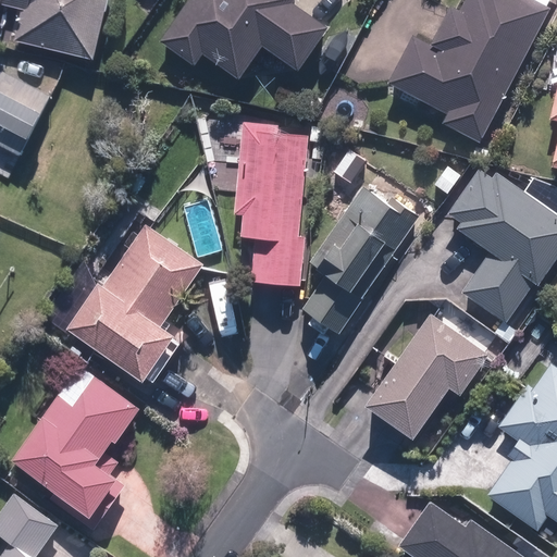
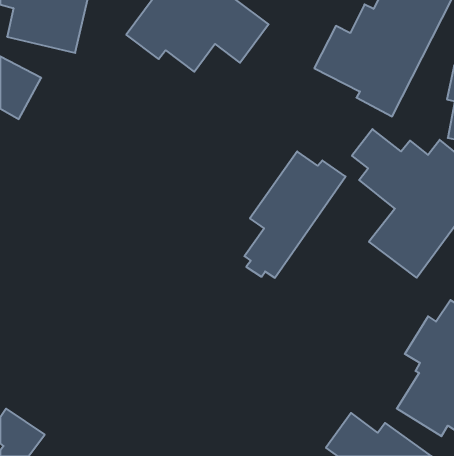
building: [233,122,310,285] -> none
building: [51,223,205,385] -> none
building: [359,313,490,445] -> none
building: [10,364,139,528] -> none

